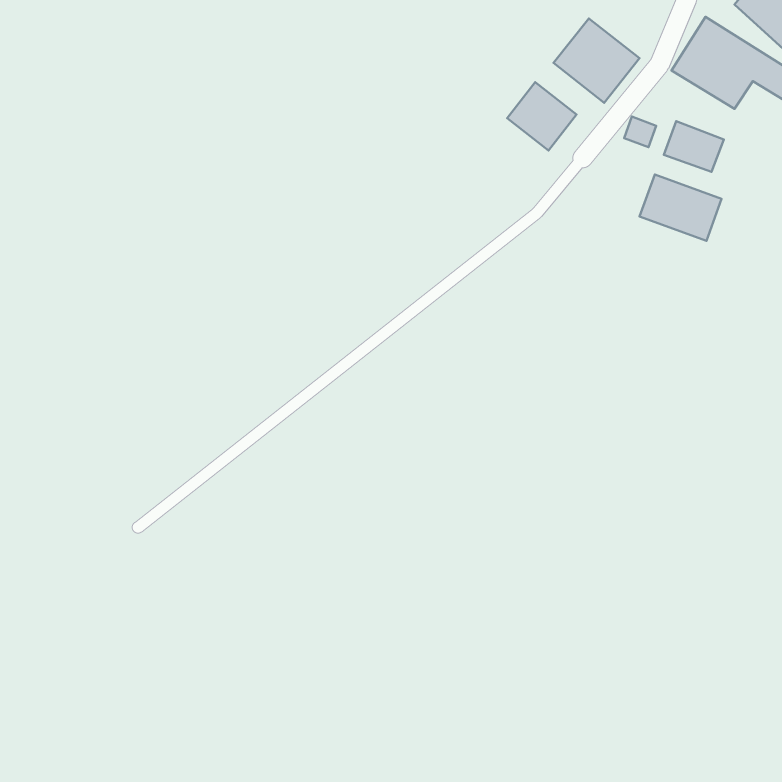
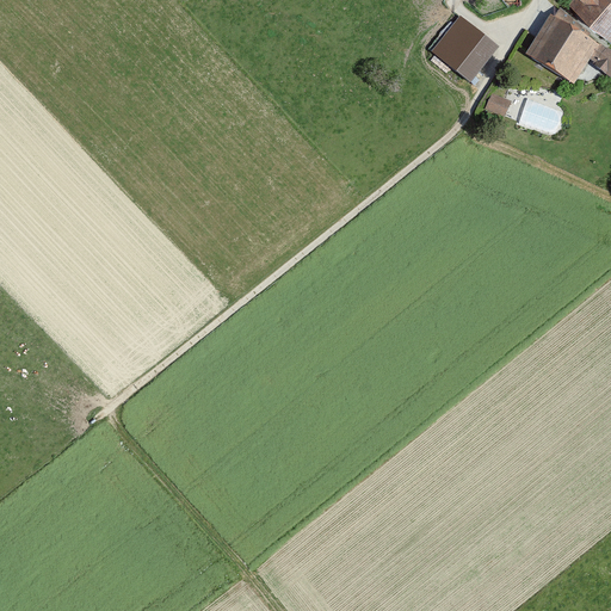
building: [507,82,577,151] -> none
building: [640,174,722,241] -> none

